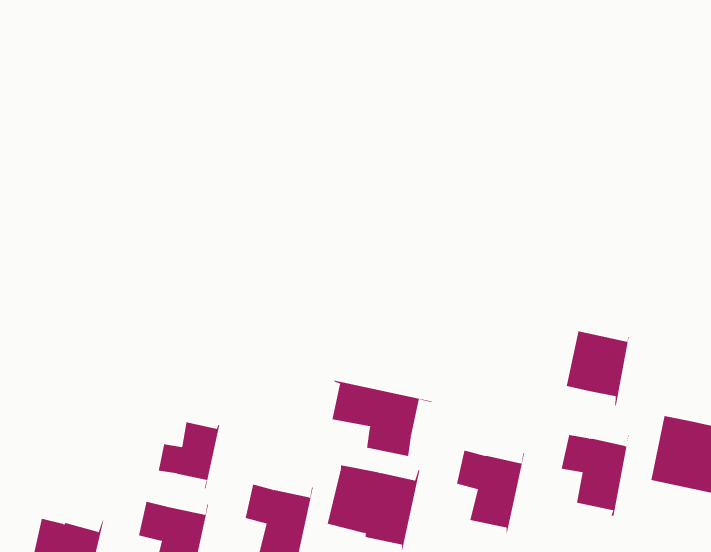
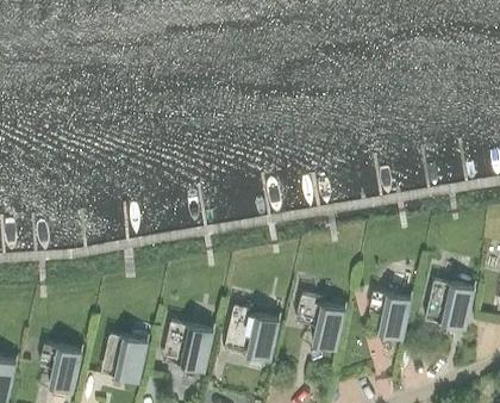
building: [566,331,629,406] -> none
building: [332,380,433,457] -> none
building: [158,422,220,490] -> none

